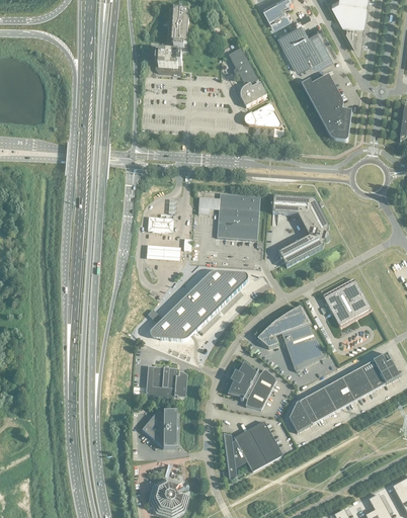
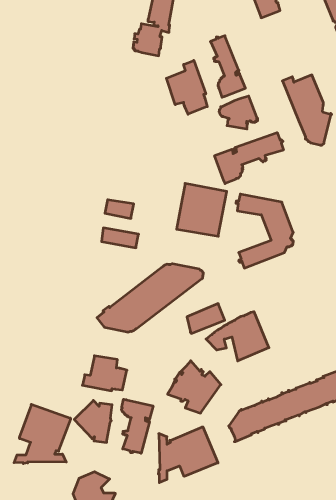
building: [276,19,332,69] -> none
building: none -> [166,60,207,114]
building: none -> [215,133,283,184]
building: [322,277,372,327] -> none
building: [290,338,326,369] -> [187,304,225,333]
building: none -> [121,399,153,453]
building: none -> [14,404,71,464]

